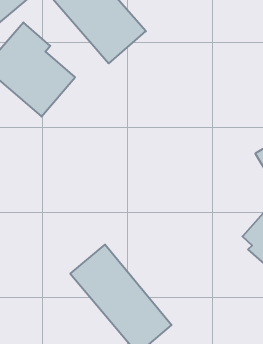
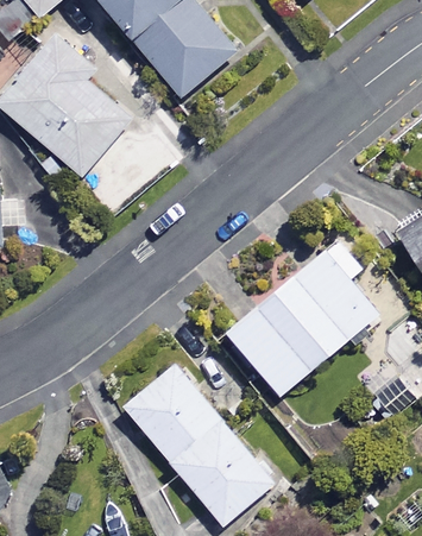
building: none -> [226,239,378,397]

